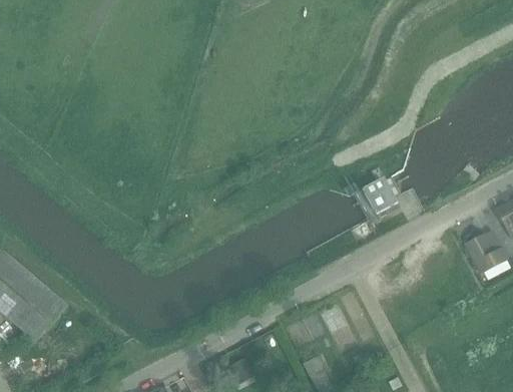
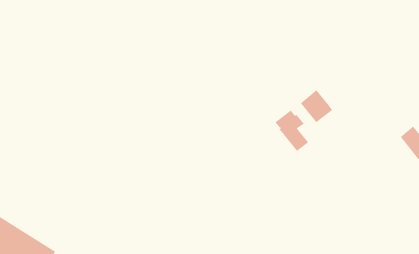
building: none -> [275,109,309,152]

